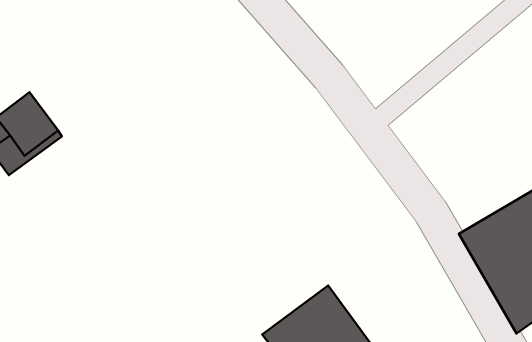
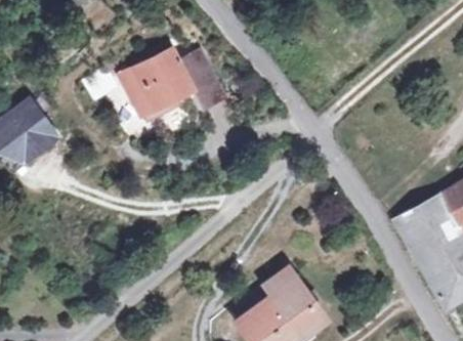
building: none -> [121,46,224,116]

